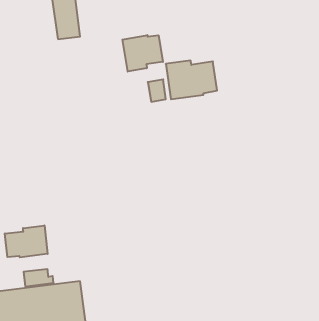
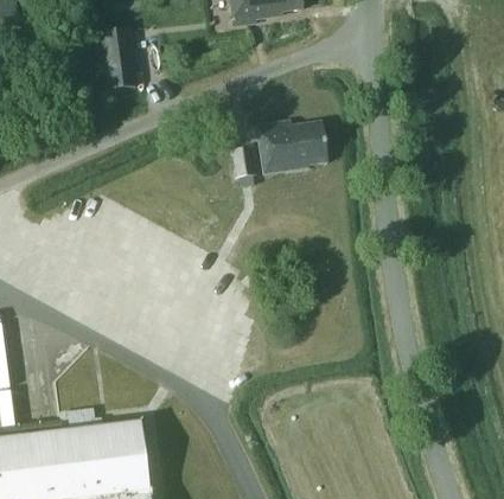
building: [122,35,163,72] -> none
building: [5,225,48,257] -> none

